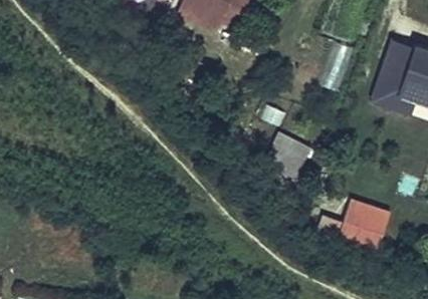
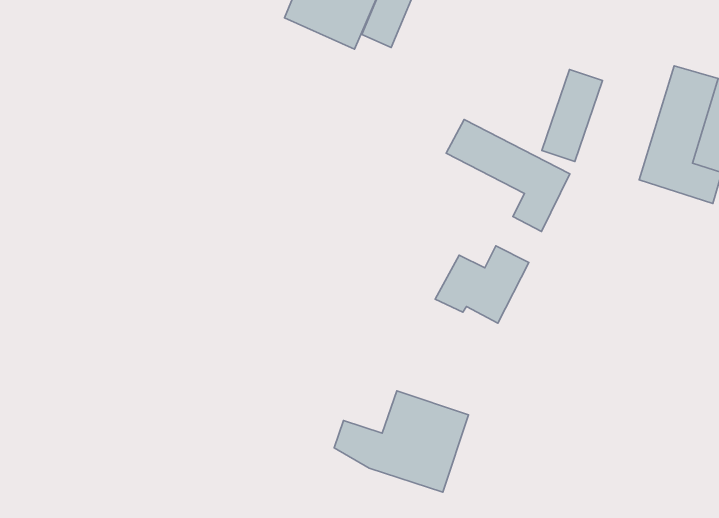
building: none -> [446,119,570,232]
building: [317,200,391,255] -> [334,391,468,492]

